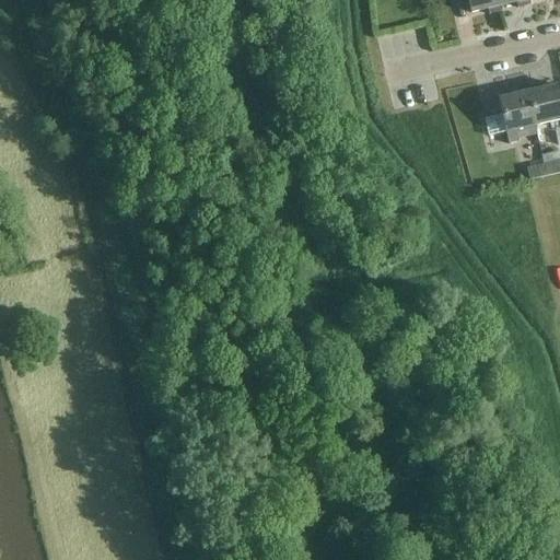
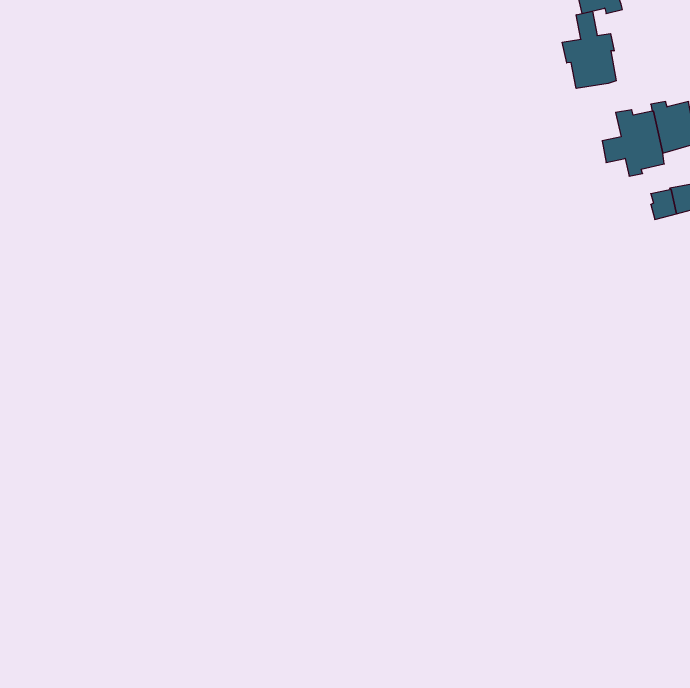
building: none -> [562,11,616,88]

